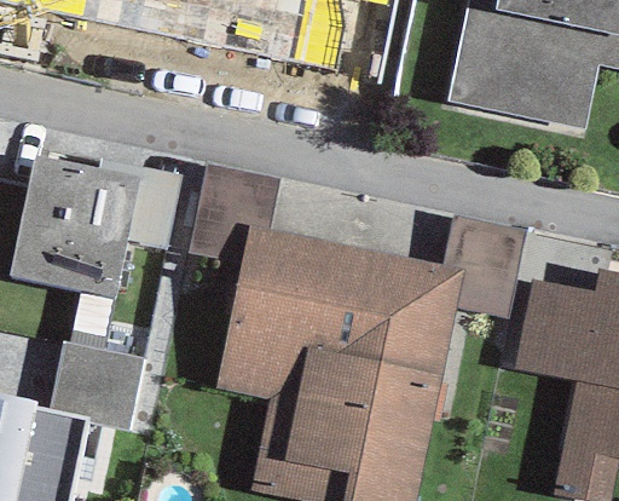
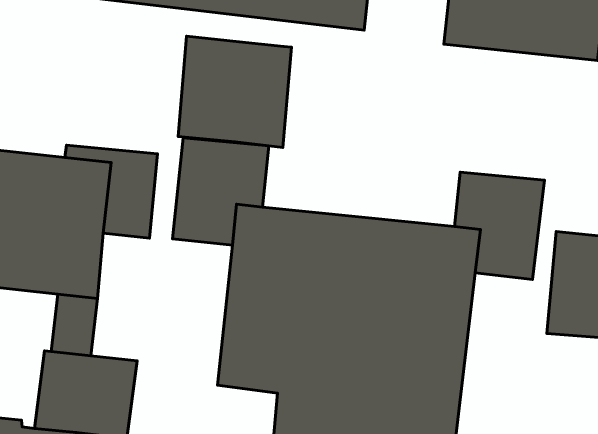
building: none -> [178,36,292,148]

